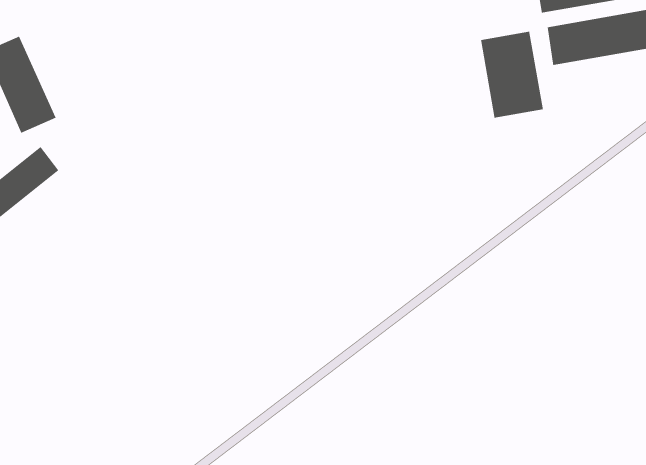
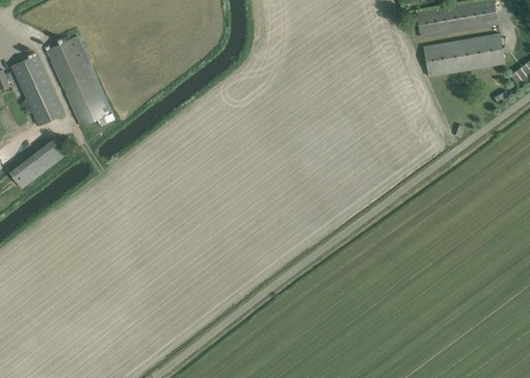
building: none -> [47,37,108,127]
building: [480,31,543,119] -> none

